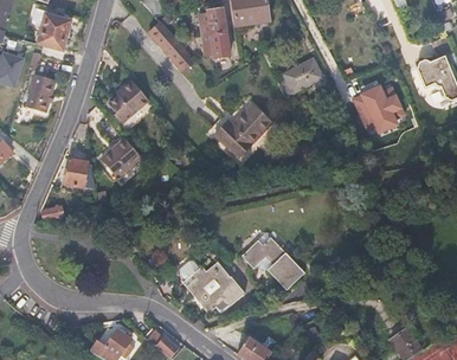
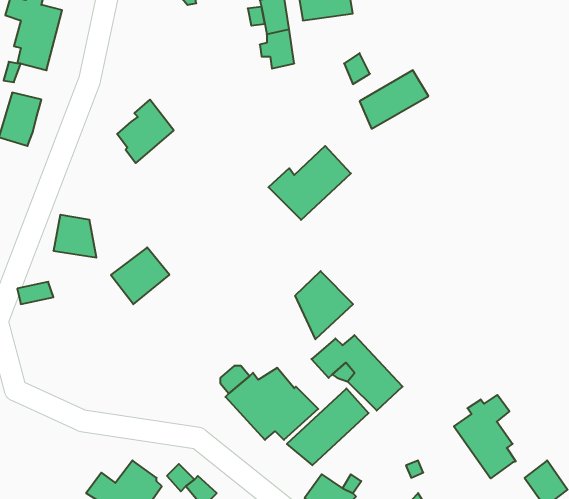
building: [146,15,198,75] -> none
building: [352,83,405,135] -> none
building: [99,136,140,175] -> [111,247,169,304]
building: none -> [295,271,353,339]
building: none -> [287,388,369,465]
building: none -> [454,395,516,478]

